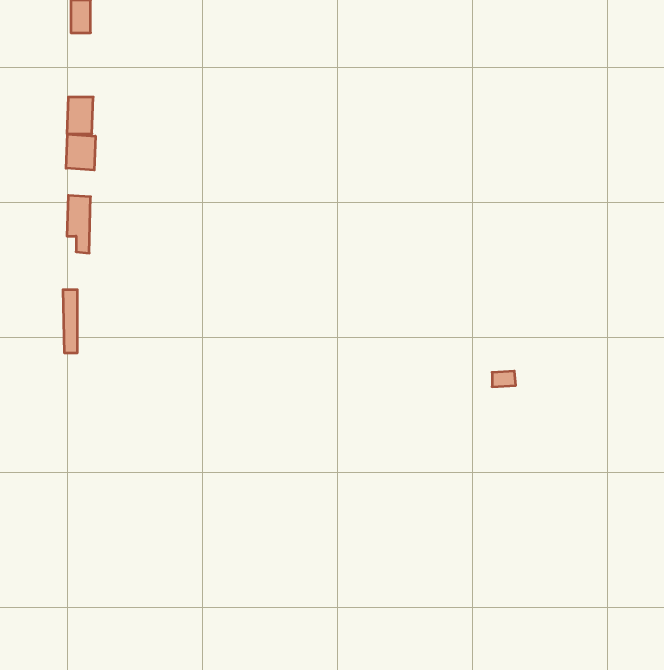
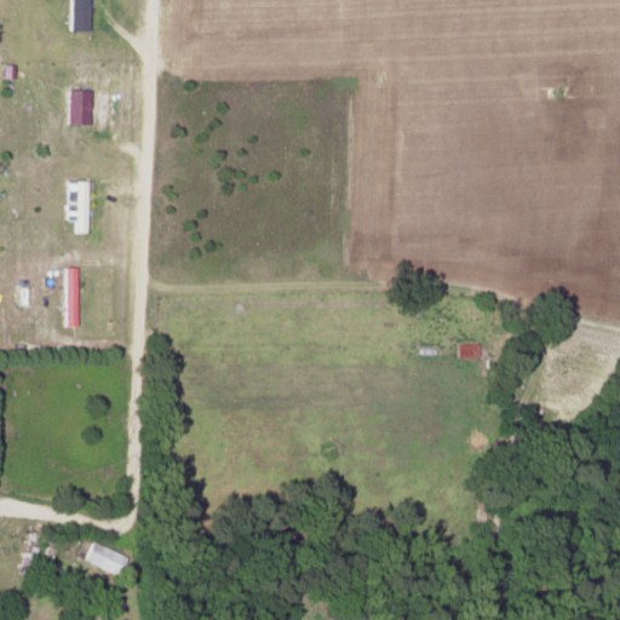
building: [66,134,95,170] -> none
building: none -> [86,540,128,575]

